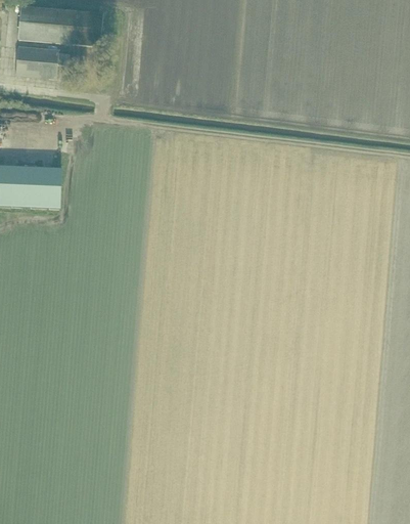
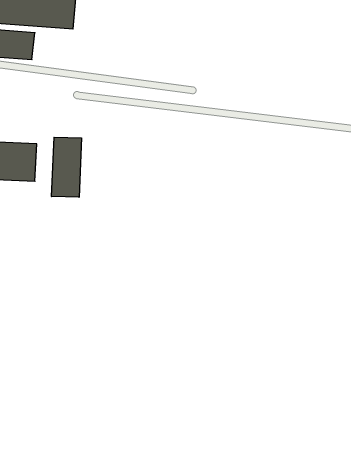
building: none -> [52,137,81,197]

